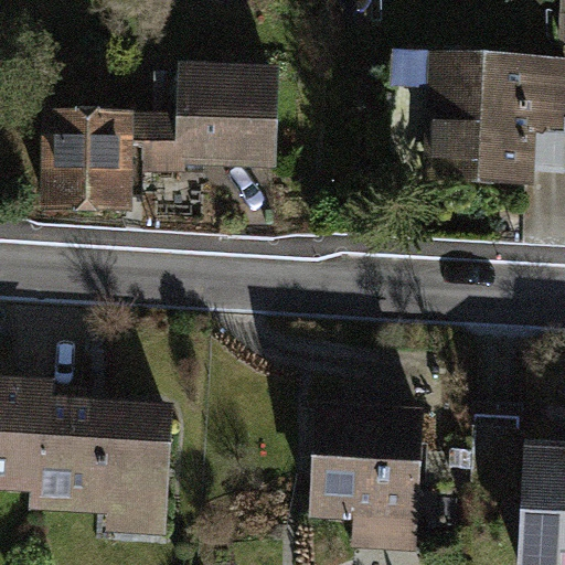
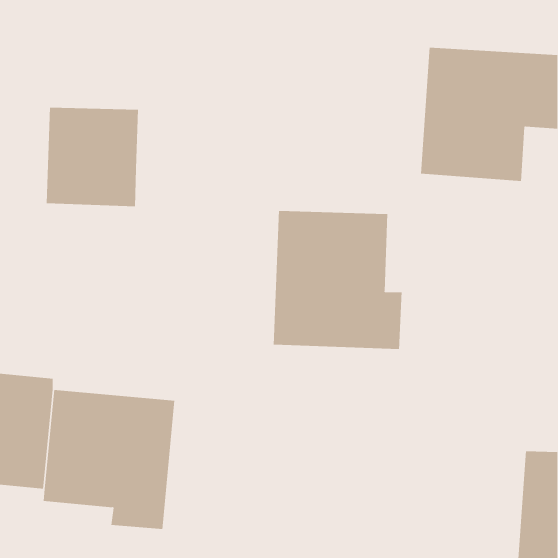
building: [138,62,280,172] -> none
building: none -> [273,210,402,350]
building: [309,402,423,556] -> none

